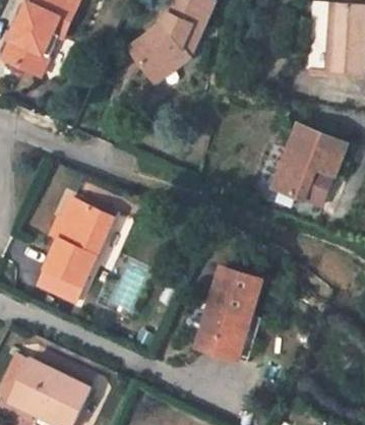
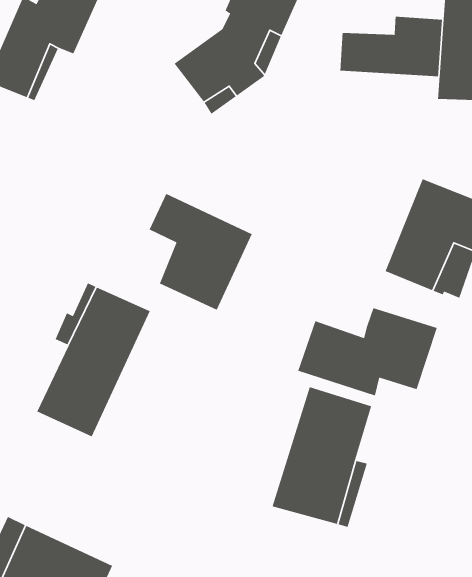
building: none -> [340,16,443,77]
building: none -> [148,193,253,311]
building: none -> [297,307,438,396]

